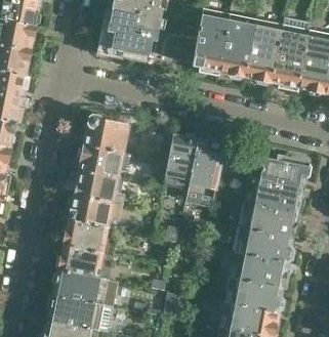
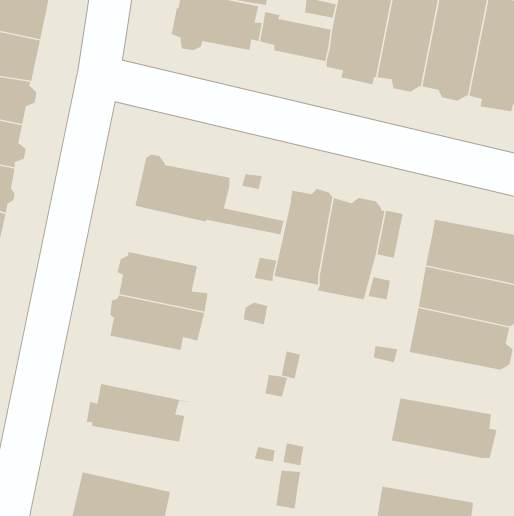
building: [78,144,132,178] -> none
building: [60,218,117,255] -> none
building: [234,227,293,262] -> none
building: [52,269,109,306] -> none
building: [223,278,283,312] -> none

